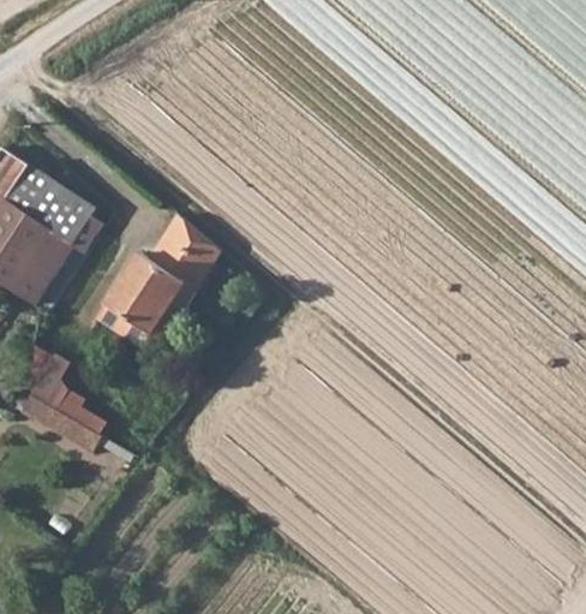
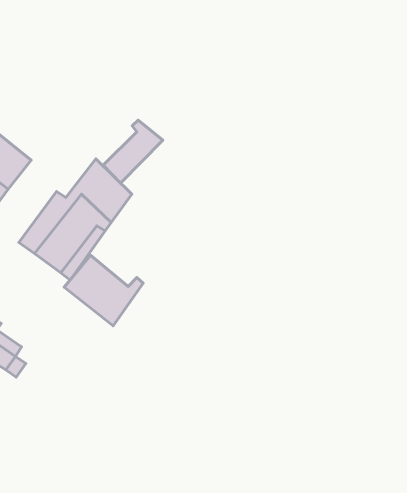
building: none -> [103,120,163,183]
building: none -> [64,255,143,326]

